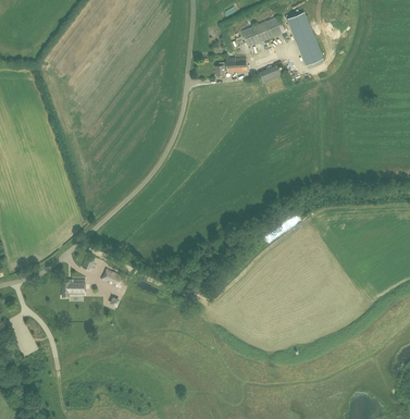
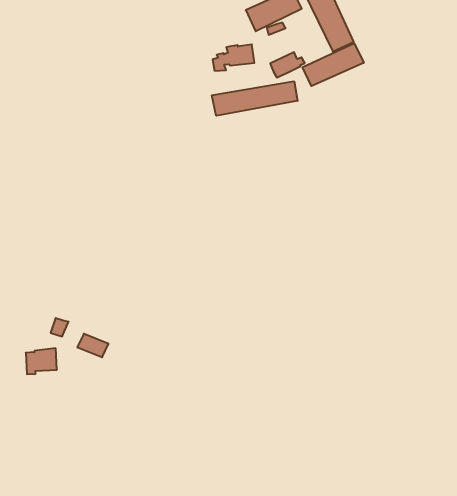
building: none -> [303,43,364,86]
building: none -> [212,81,298,116]

